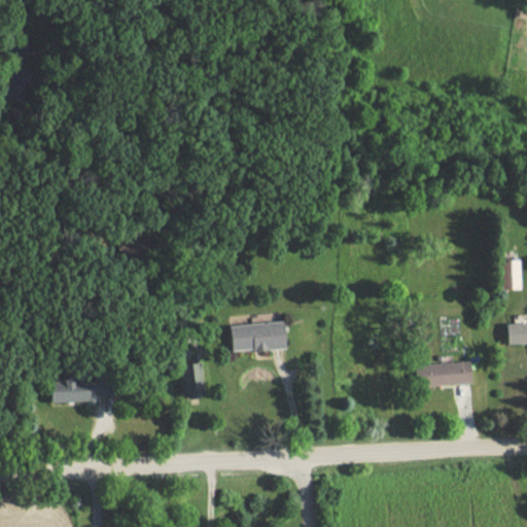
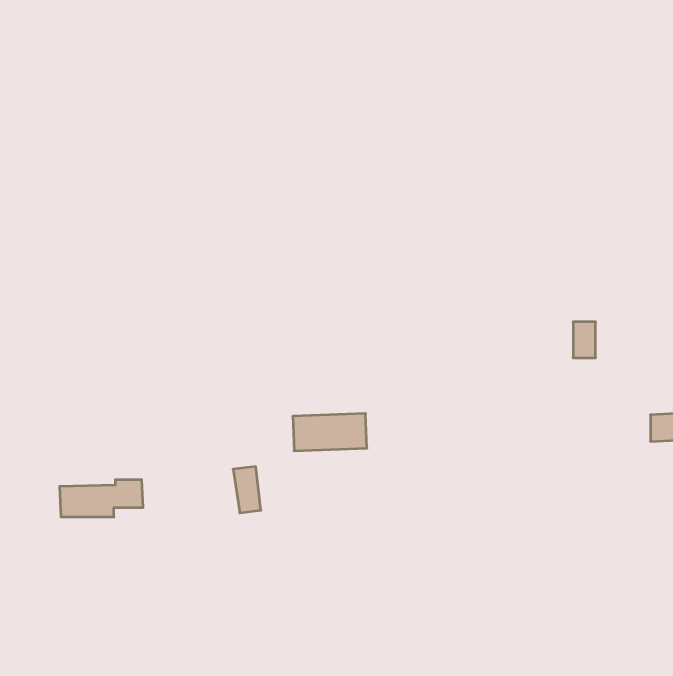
building: [504,261,522,289] -> [573,322,596,358]
building: [430,362,475,385] -> none

